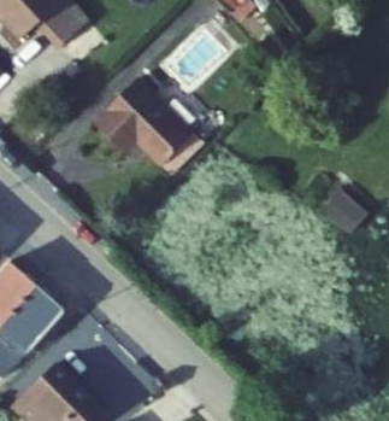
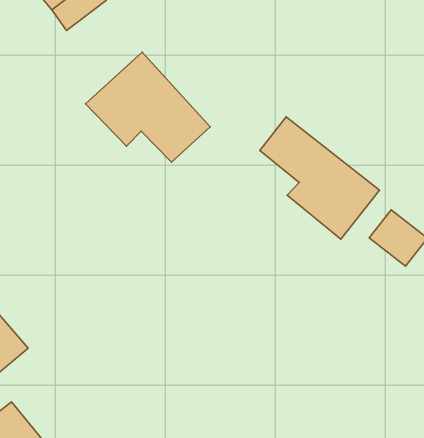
building: none -> [260,117,379,239]

